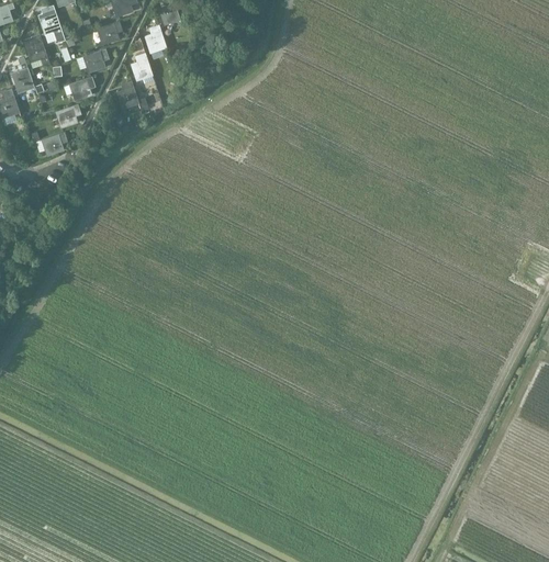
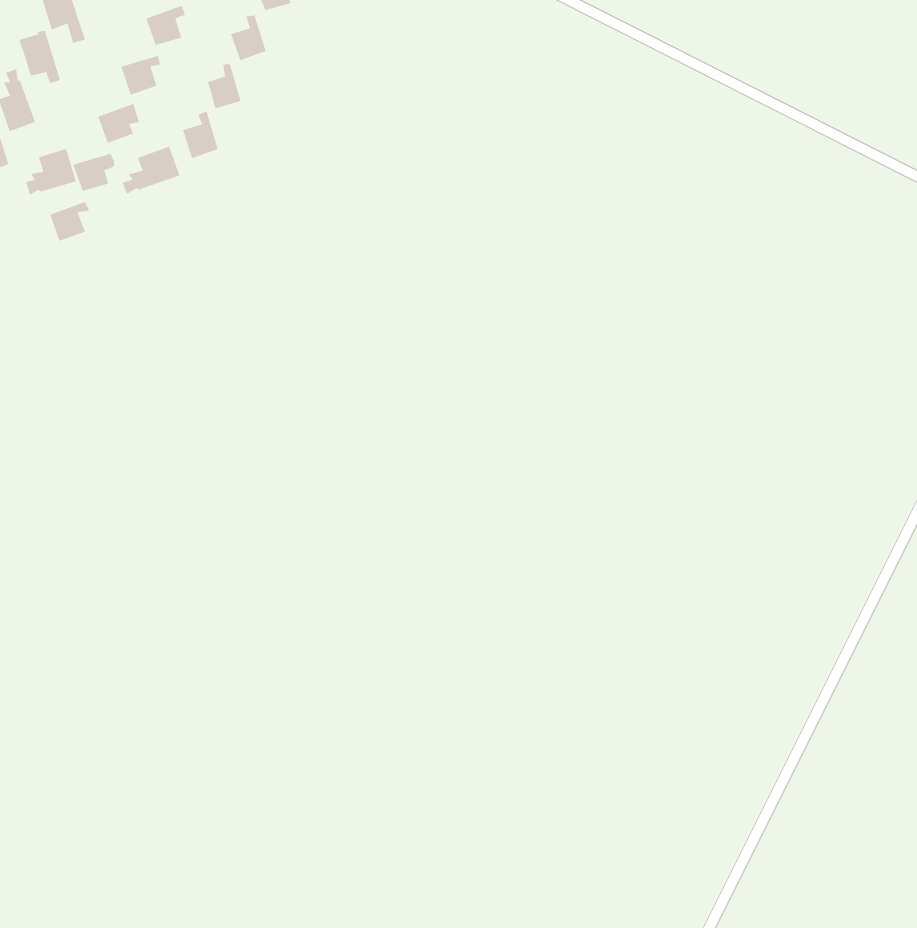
building: none -> [122,146,180,195]
building: none -> [25,148,77,196]

